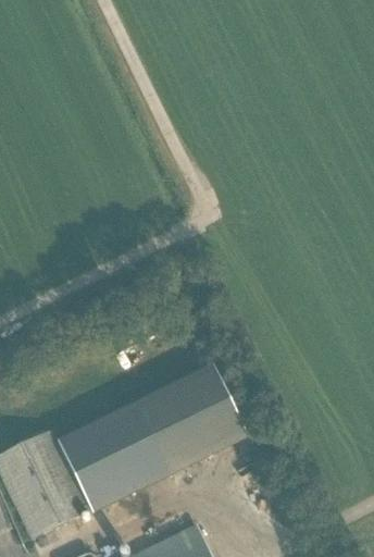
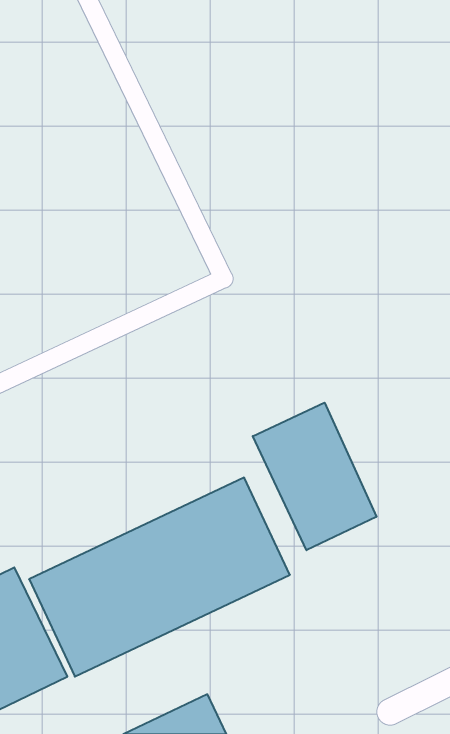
building: none -> [253,403,376,550]

